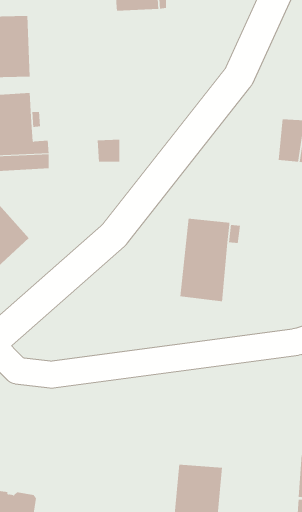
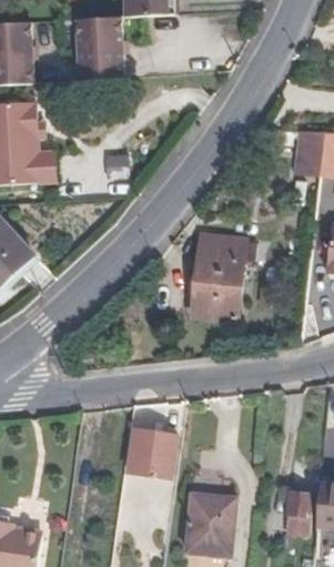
building: none -> [79,19,125,82]
building: none -> [126,428,176,479]
building: none -> [283,489,313,535]

